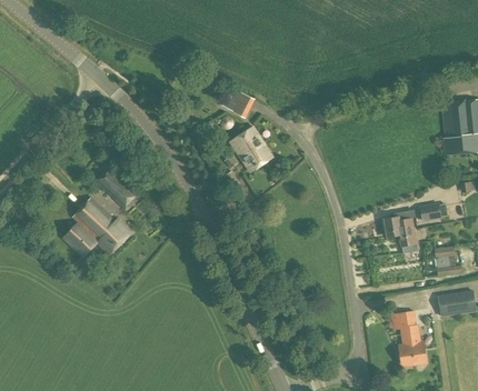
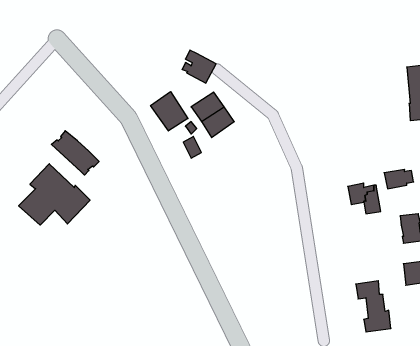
building: none -> [151,92,188,131]

